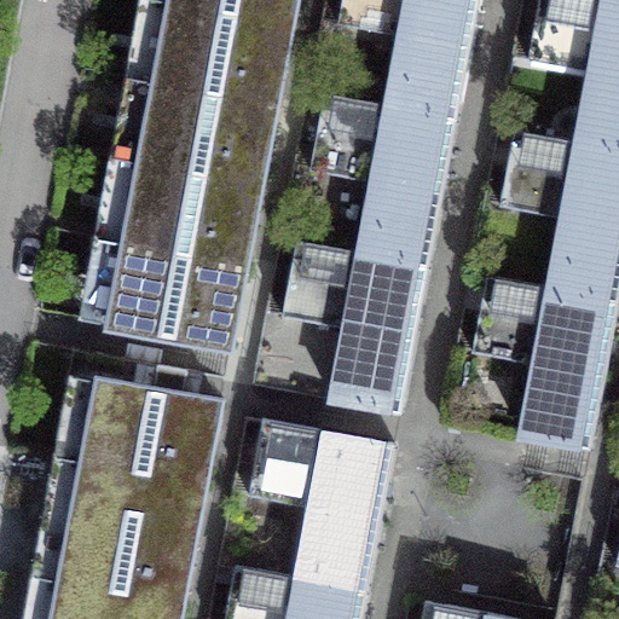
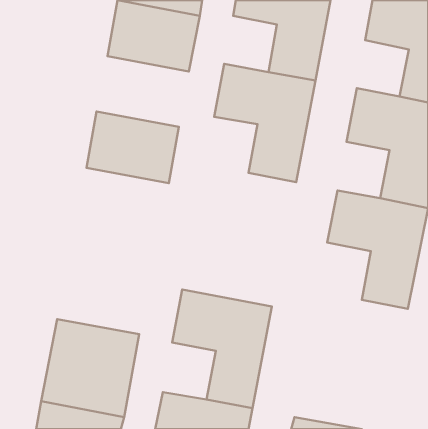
building: [139,81,272,183] -> none
building: [280,238,427,412] -> none
building: [110,242,243,343] -> none
building: [82,353,216,481] -> none

